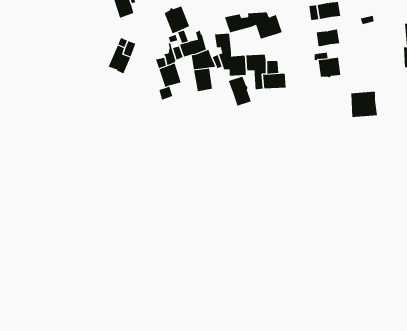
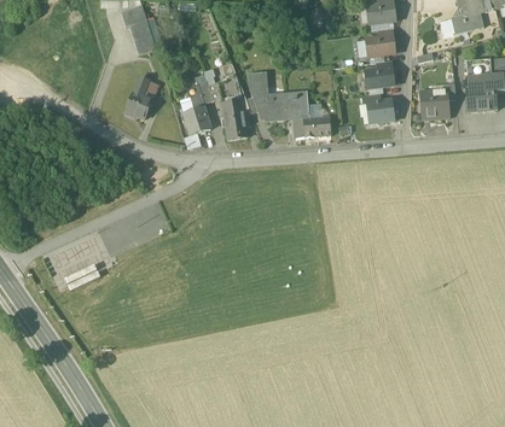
building: [164,5,190,34] -> none
building: [224,12,283,40] -> none
building: [228,76,251,106] -> none
building: [351,91,378,117] -> [419,88,451,118]

